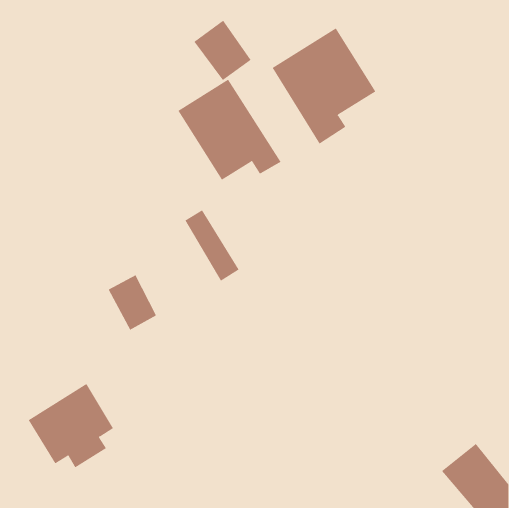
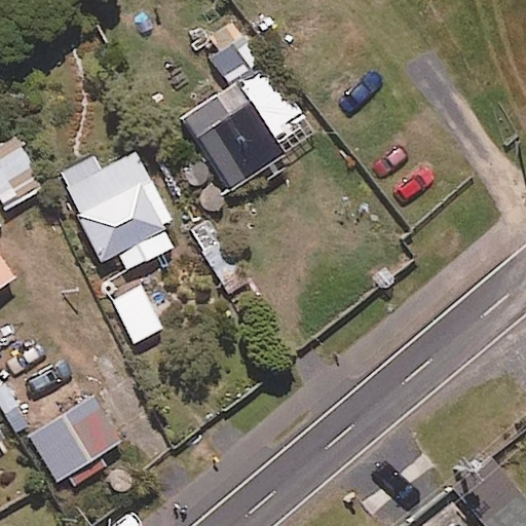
building: [272,27,376,145] -> none
building: none -> [59,152,179,268]

